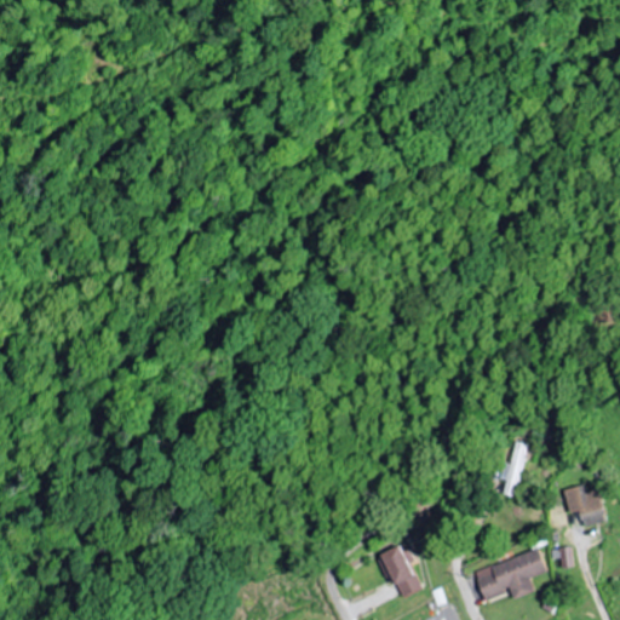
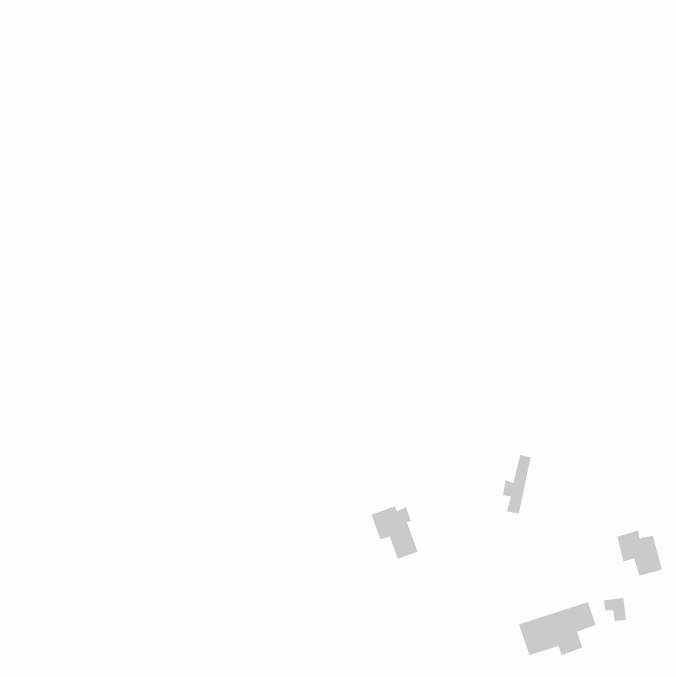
building: [501,442,528,496] -> [502,454,531,514]
building: [377,547,420,597] -> [371,505,418,560]

